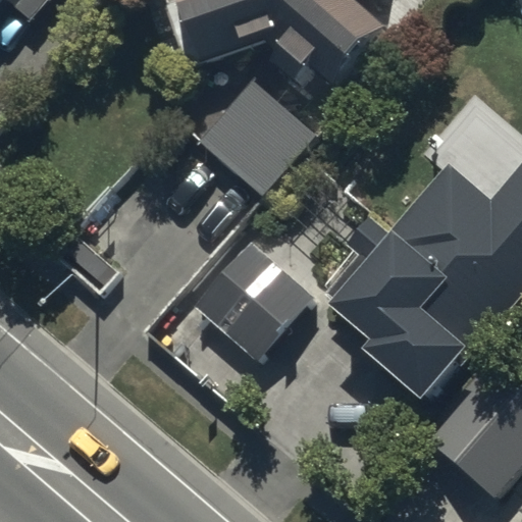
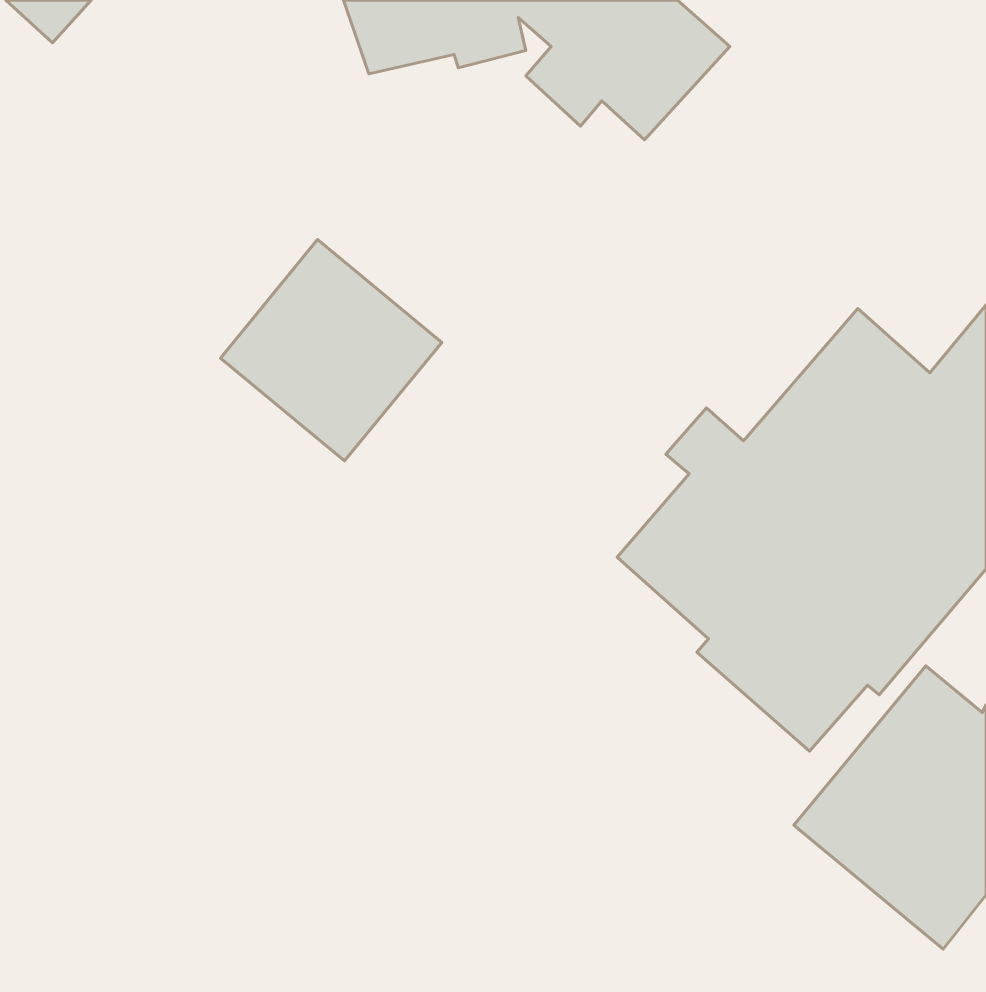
building: [198,79,314,195] -> [220,240,442,461]
building: [192,239,317,364] -> none

